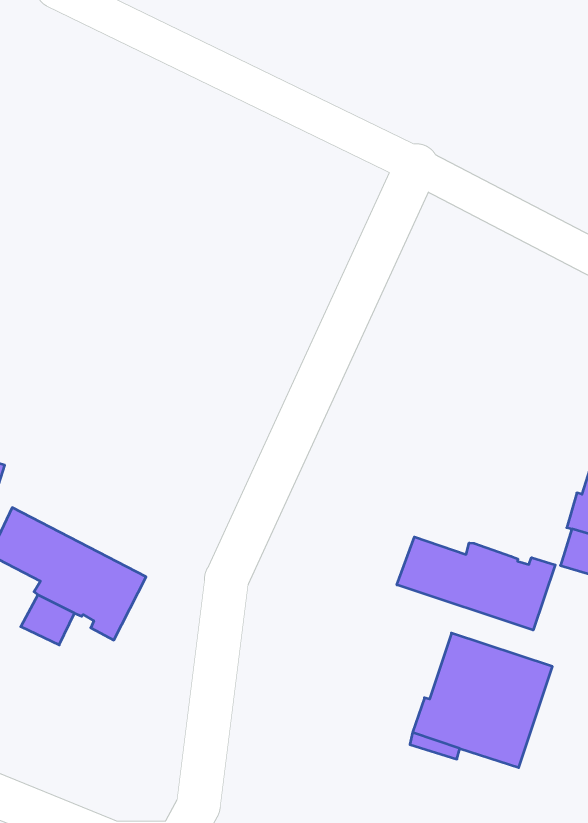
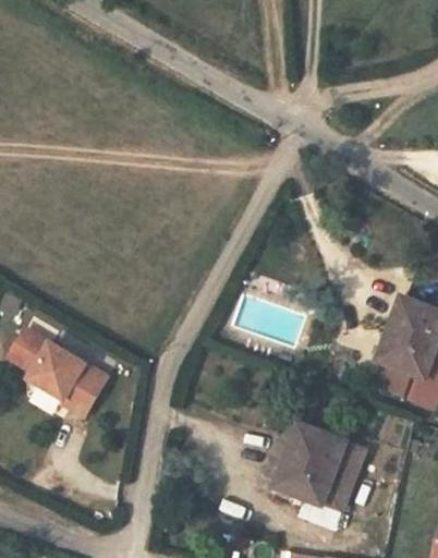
building: [397,537,555,630] -> none

